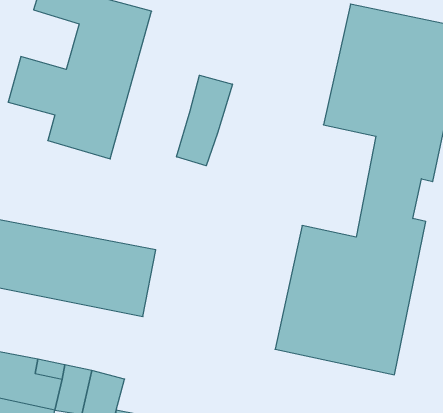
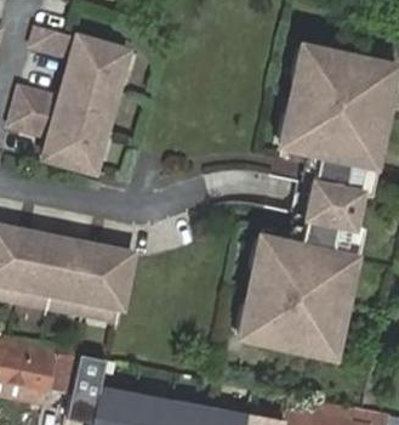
building: [177,75,232,166] -> none

